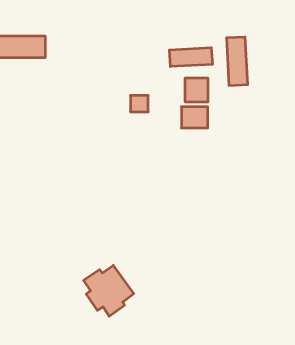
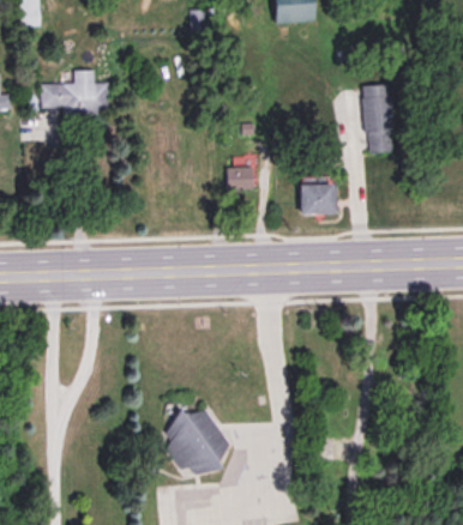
building: [169,48,212,67] -> none
building: [185,78,208,102] -> none

